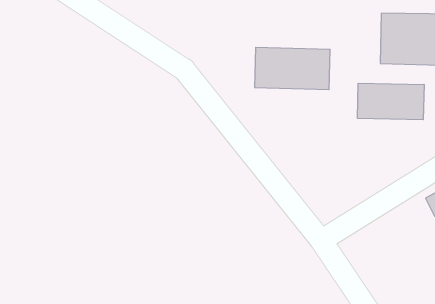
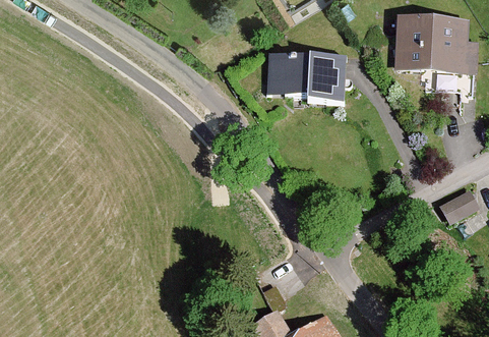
building: [358,83,424,120] -> none

